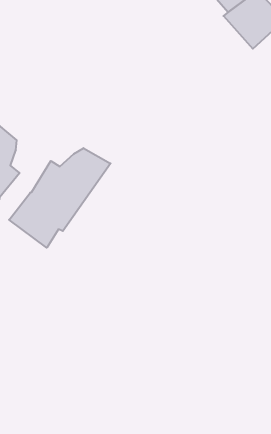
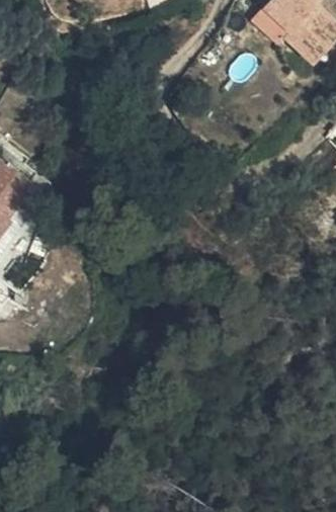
building: [9,148,111,248] -> none

